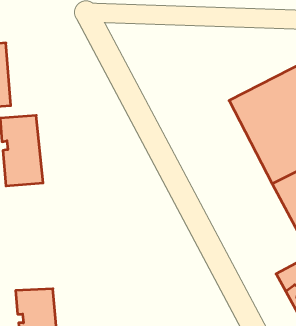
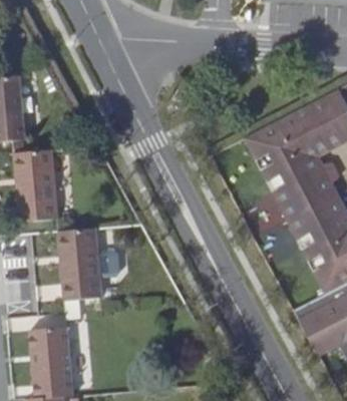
building: none -> [56,229,100,300]

